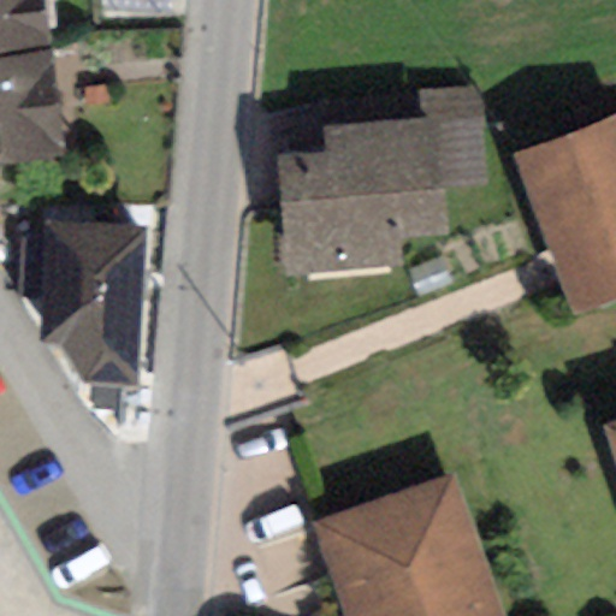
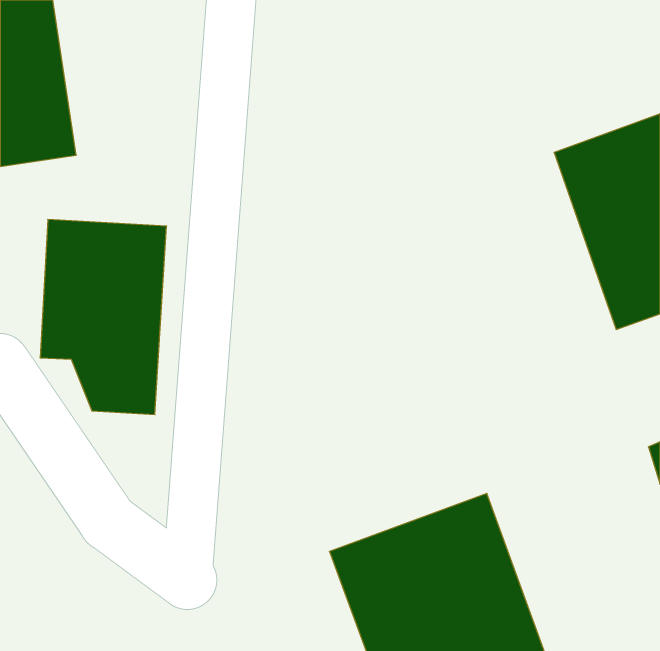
building: [419,84,492,183] -> none
building: [279,119,439,278] -> none

